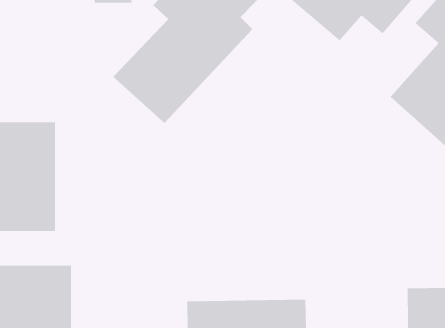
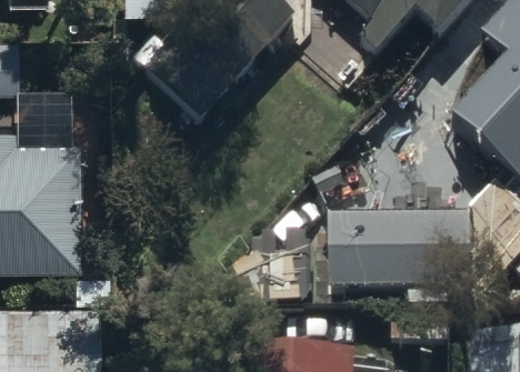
building: none -> [322,209,466,288]

